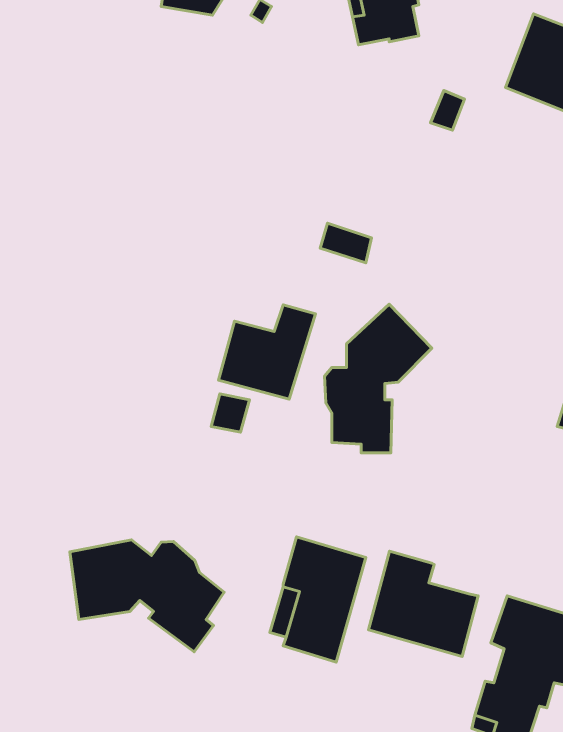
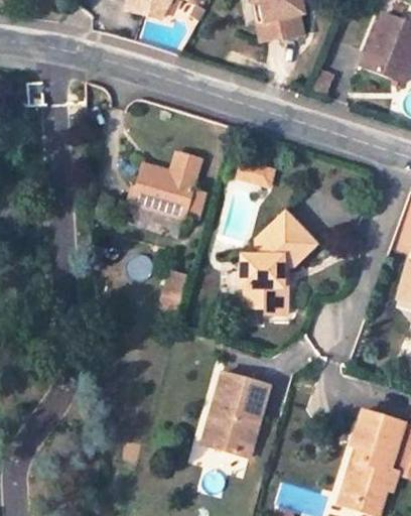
building: [218,305,316,399] -> [133,153,199,218]
building: [70,540,224,652] -> none
building: [368,551,478,656] -> none

